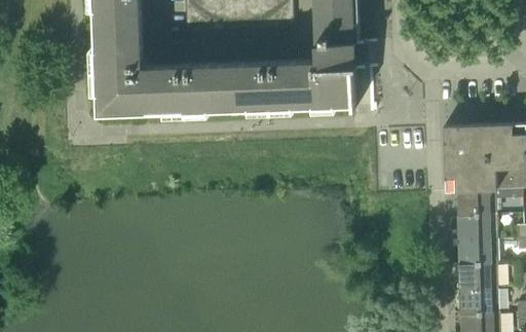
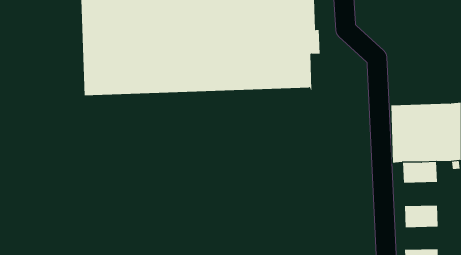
building: [456,215,495,242] -> none
building: [457,265,496,291] -> none

